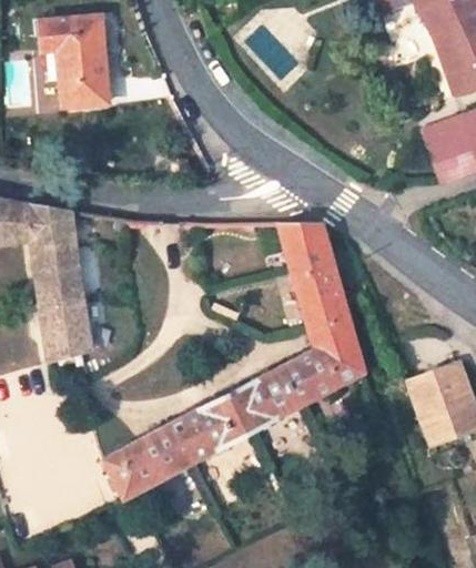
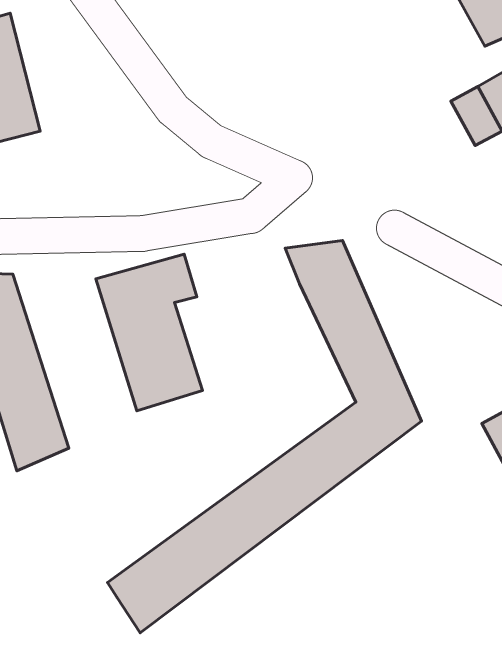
building: none -> [96,254,203,411]

